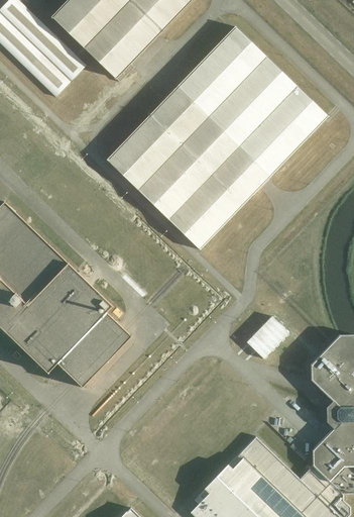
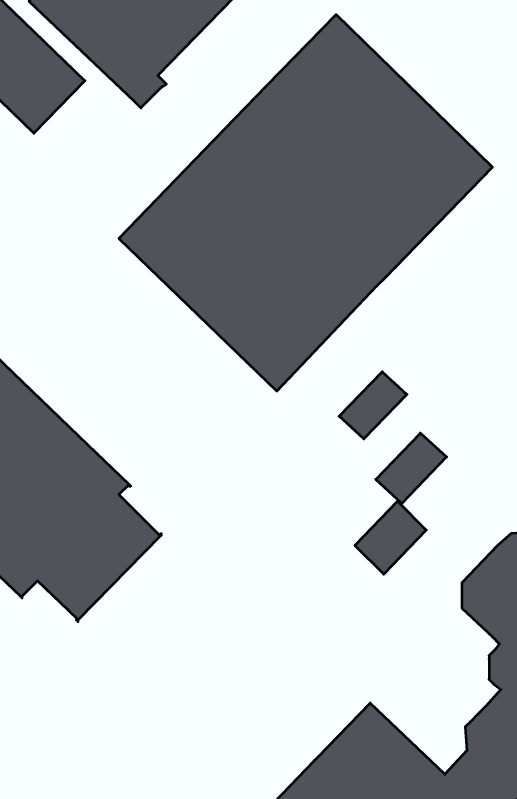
building: none -> [339,372,407,439]
building: none -> [376,433,447,503]

